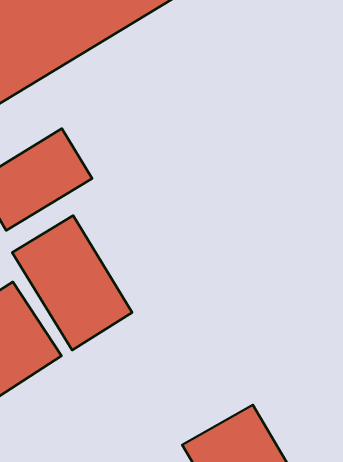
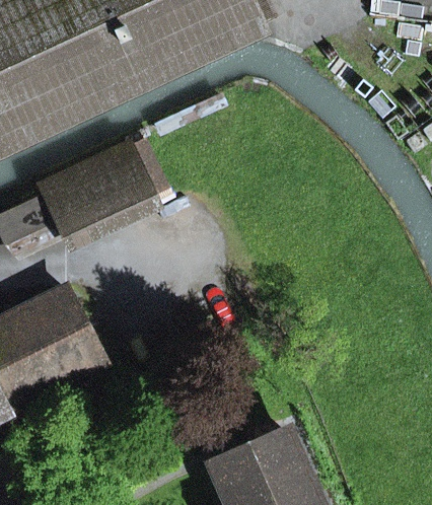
building: [12,215,132,350] -> none

